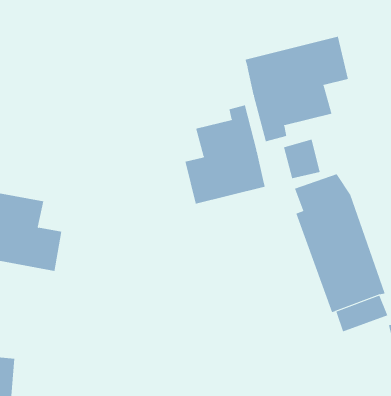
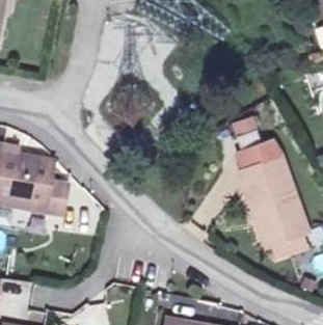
building: [245,36,349,142] -> none
building: [185,104,266,205] -> none

